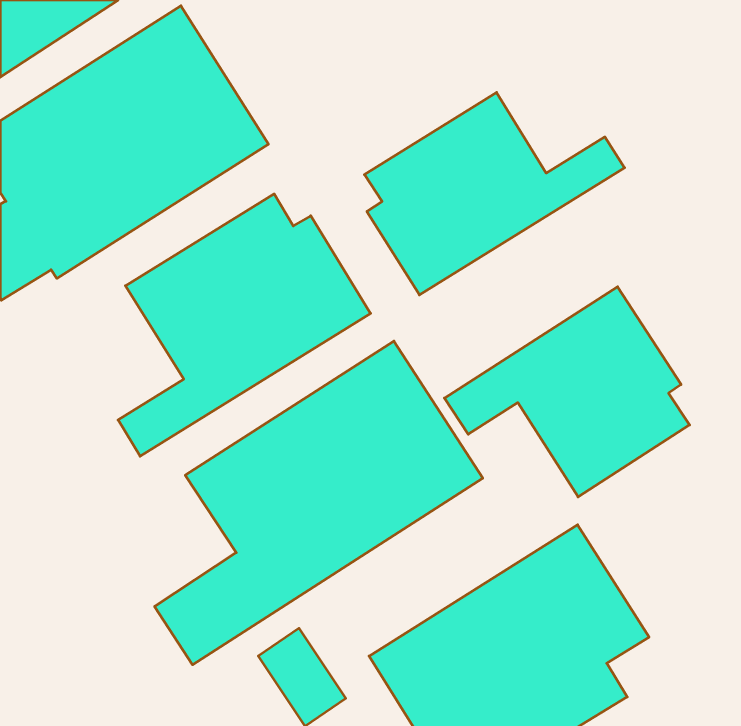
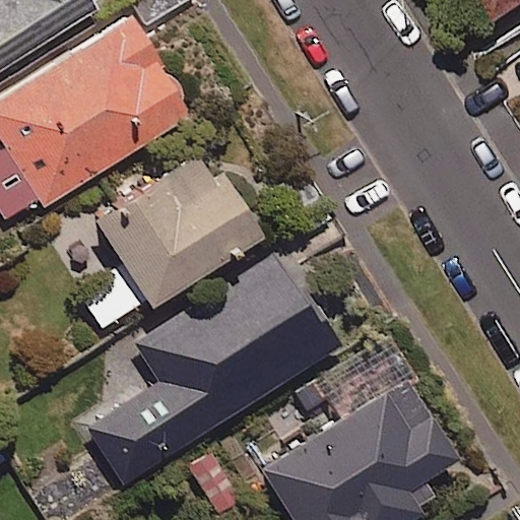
building: [364,92,625,295] -> none
building: [444,287,690,497] -> none

